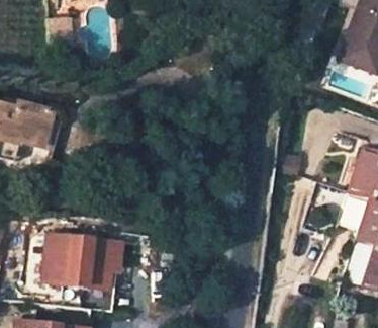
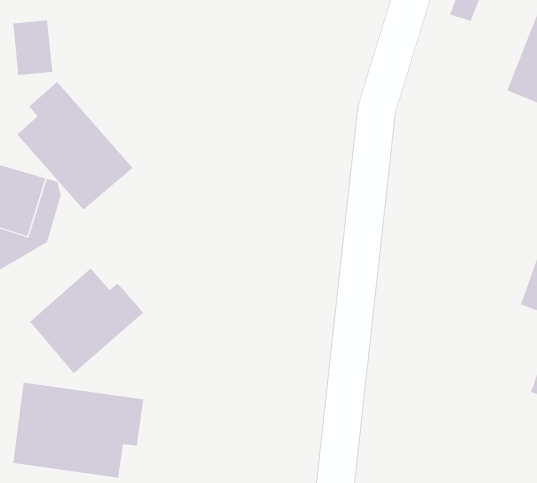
building: none -> [16,81,133,210]
building: none -> [29,268,144,374]

